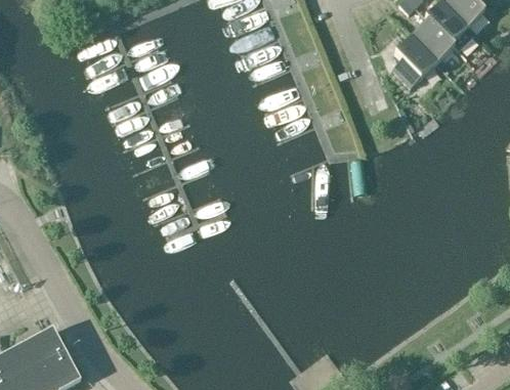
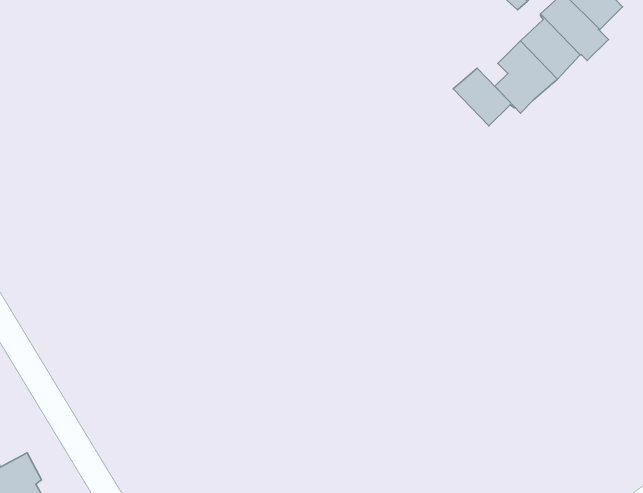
building: none -> [453,68,516,126]

